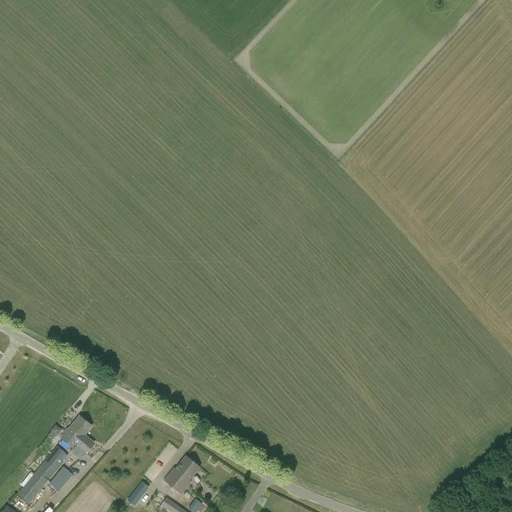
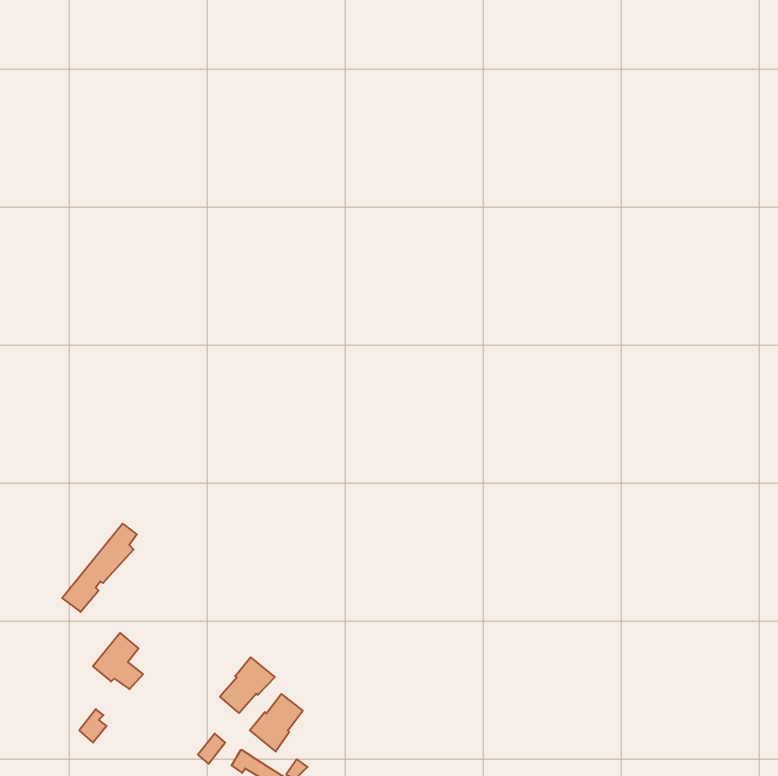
building: none -> [220,657,275,713]
building: [16,447,65,505] -> [62,524,137,612]

